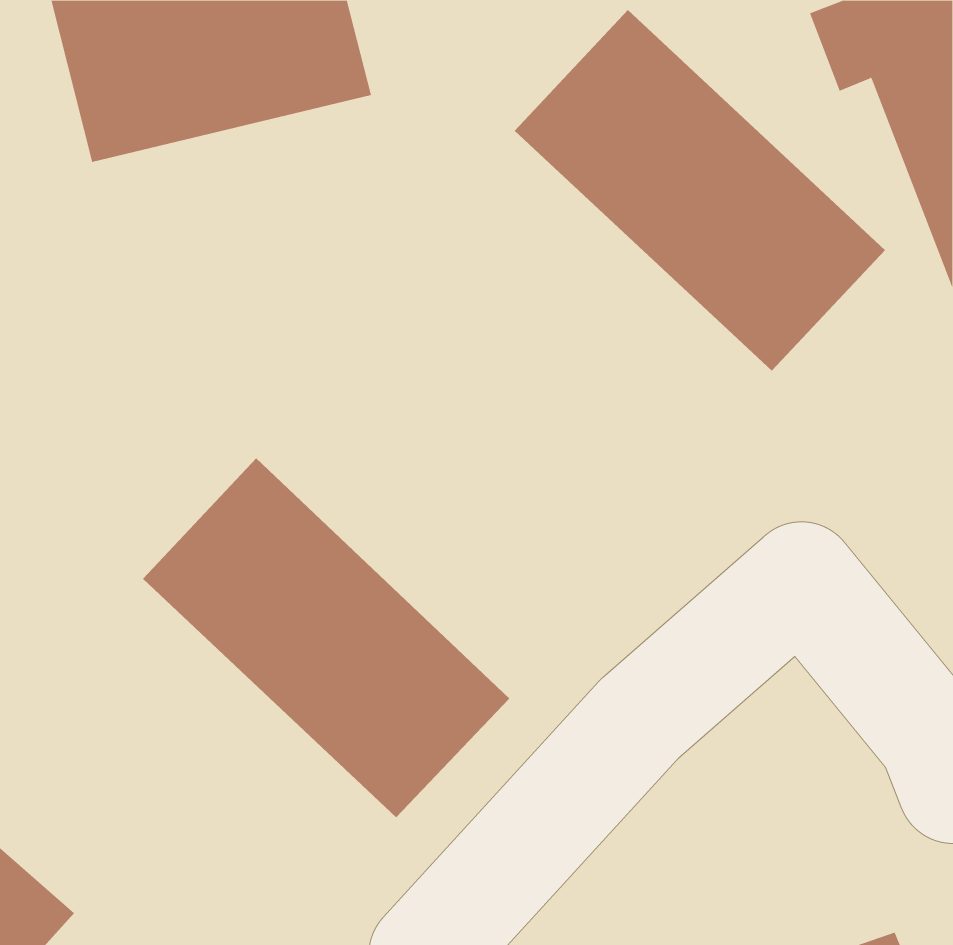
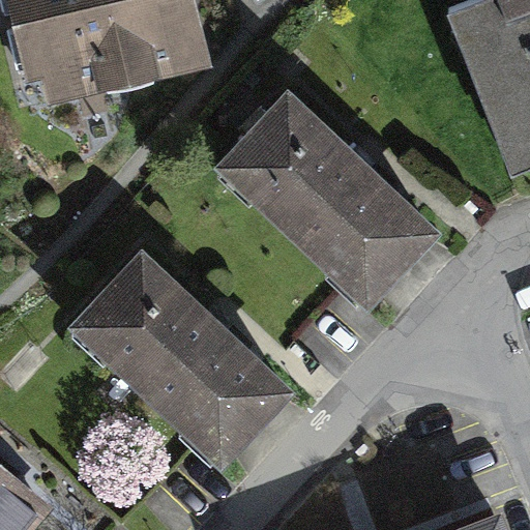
building: [514,9,886,372] -> [224,99,430,300]

